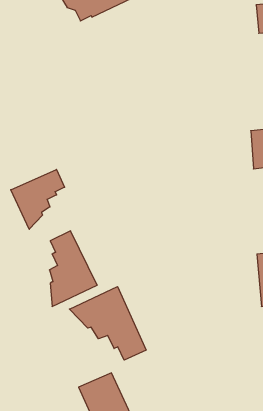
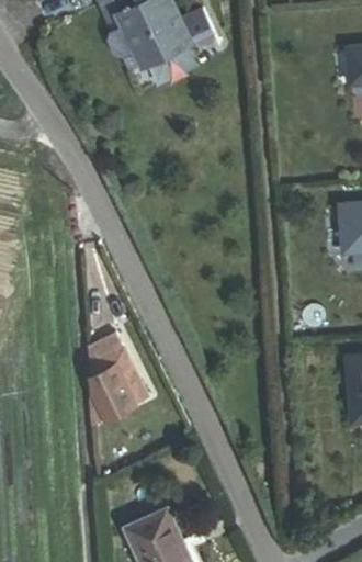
building: [11,169,65,229] -> none
building: [69,287,146,360] -> none

